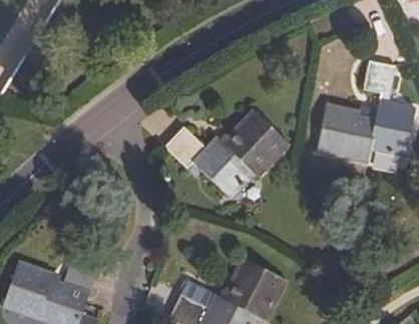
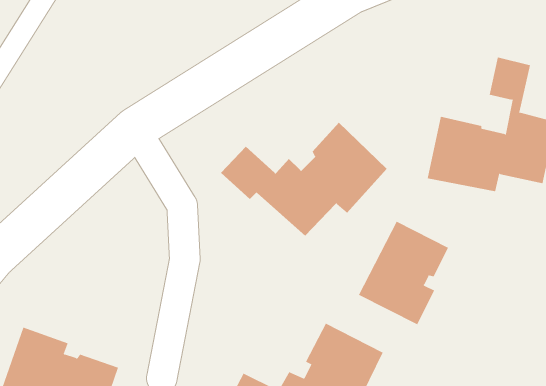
building: none -> [358,221,449,325]

